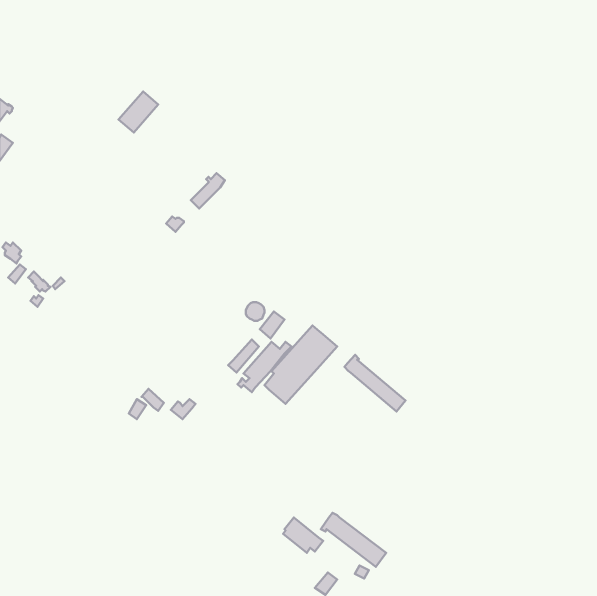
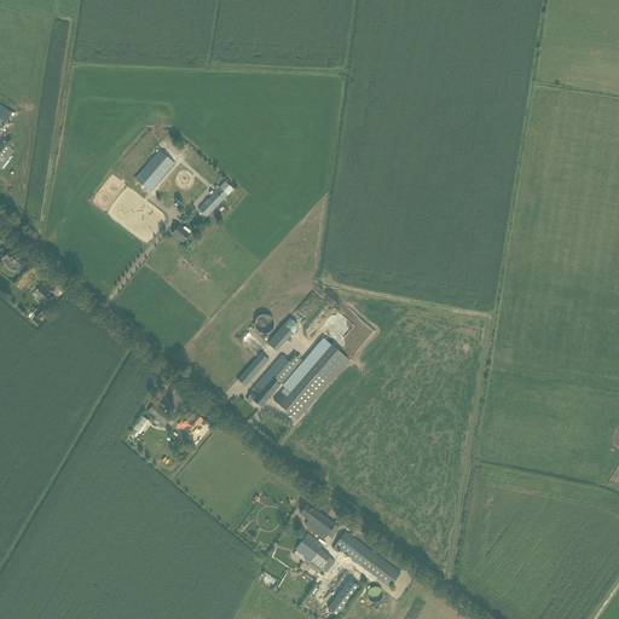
building: [118,91,158,132] -> [133,147,174,190]
building: [345,355,405,411] -> none
building: none -> [299,503,339,538]

